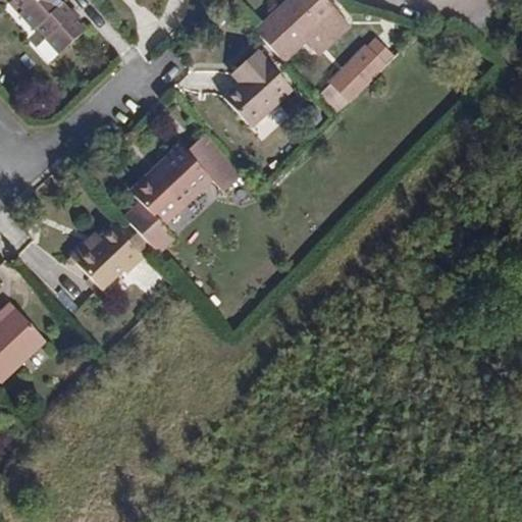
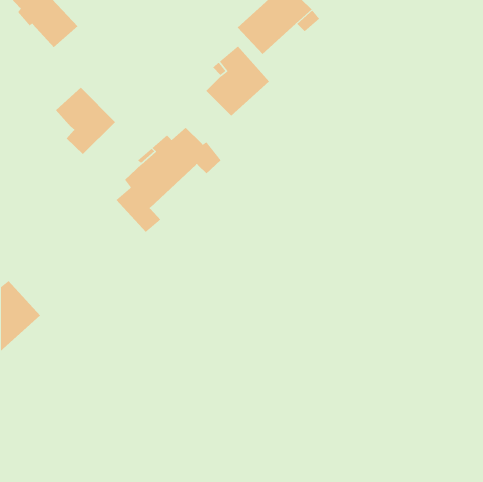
building: [320,46,385,112] -> none
building: none -> [55,87,116,155]
building: [71,224,142,289] -> none

